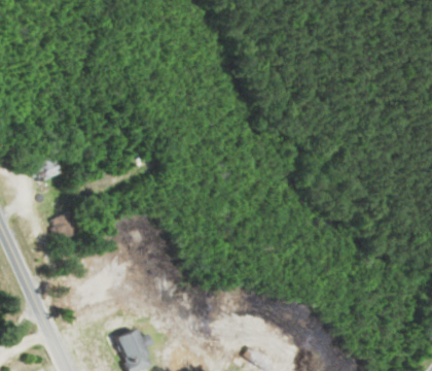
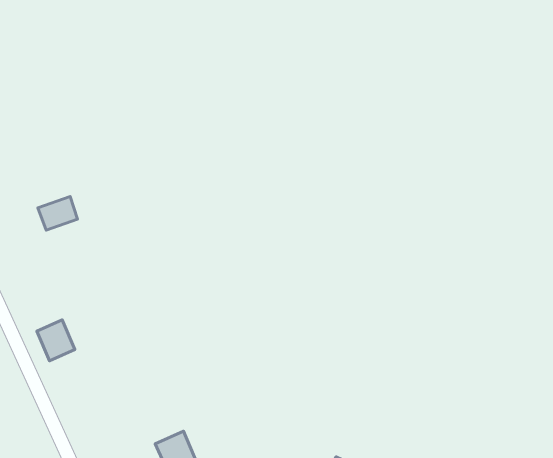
building: [49,213,77,243] -> [37,320,75,361]

